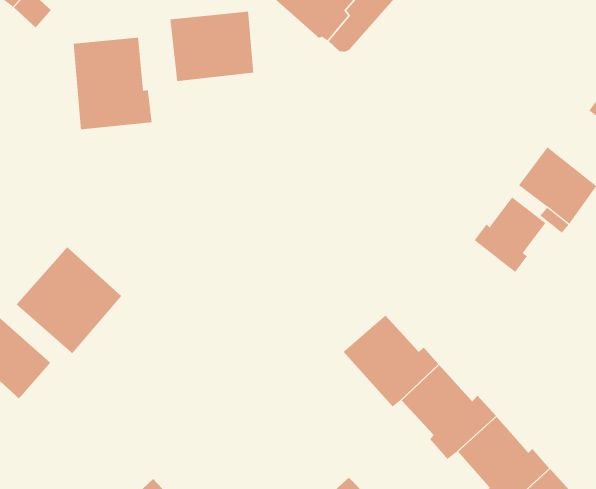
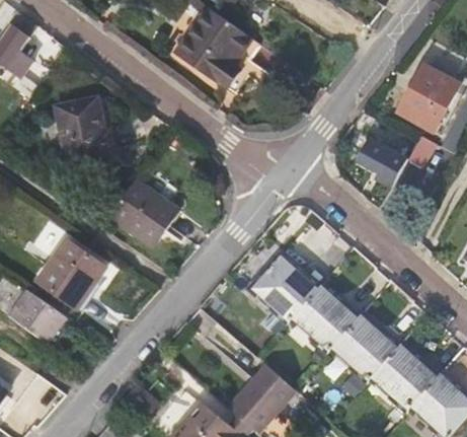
building: [170,11,254,82] -> none
building: none -> [110,177,177,243]
building: [474,196,546,273] -> none

